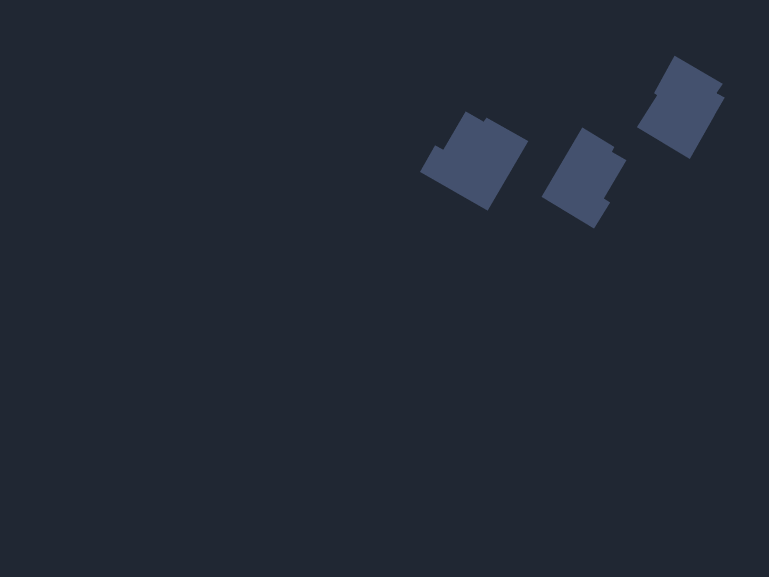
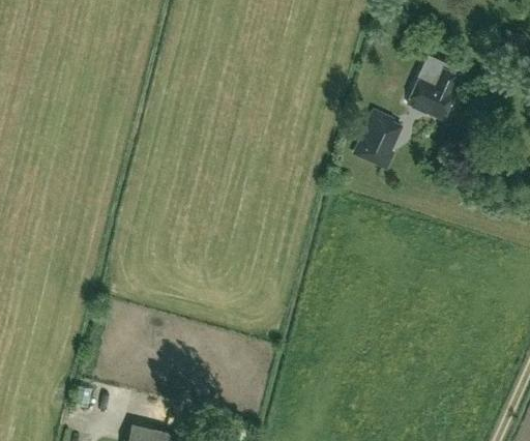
building: [419,110,529,211] -> none

